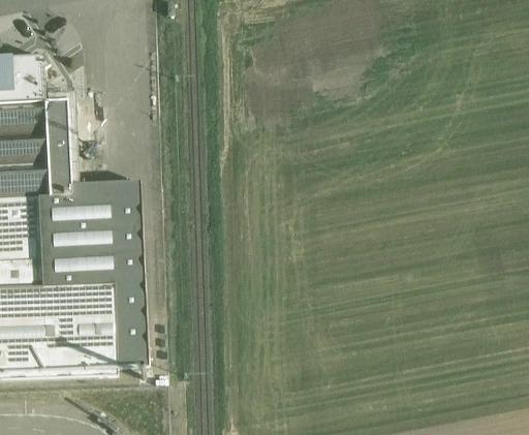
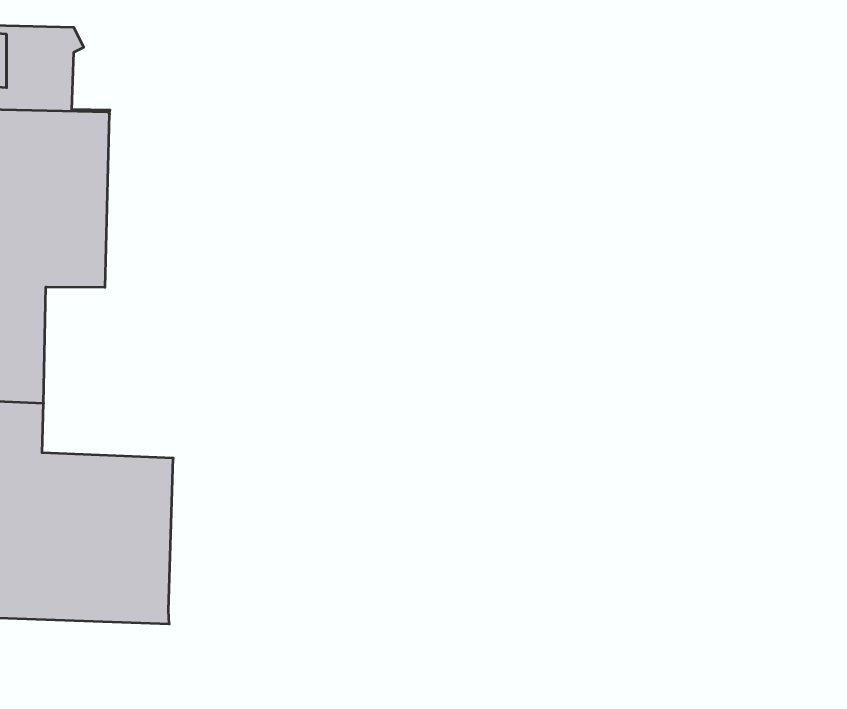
building: [37,190,149,364] -> none

